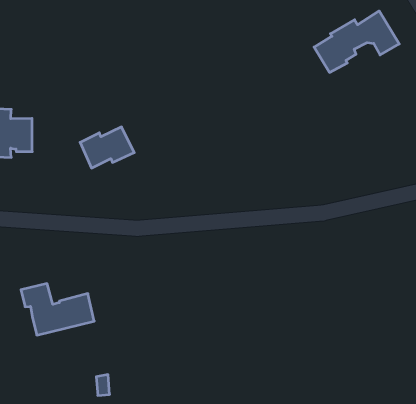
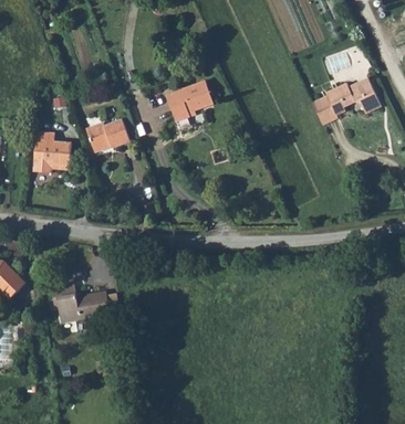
building: none -> [165,81,212,121]
building: [80,127,134,168] -> [85,119,129,151]

